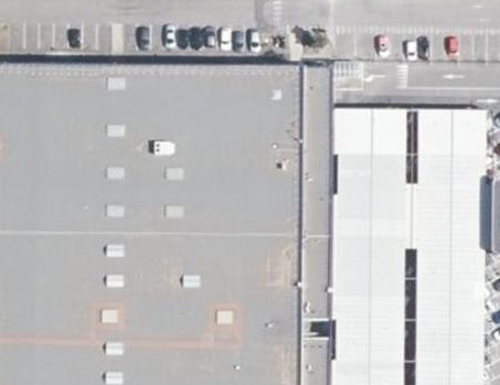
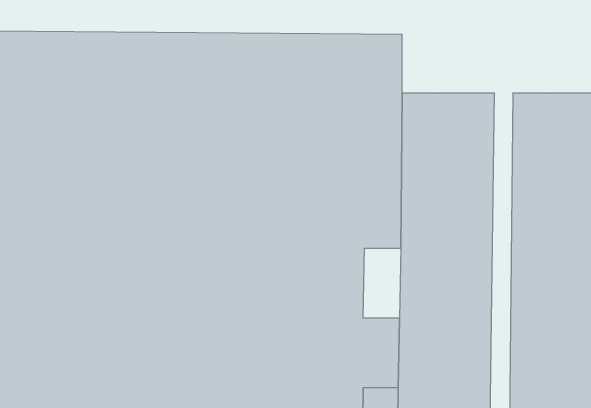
building: [298,234,328,289] -> none

